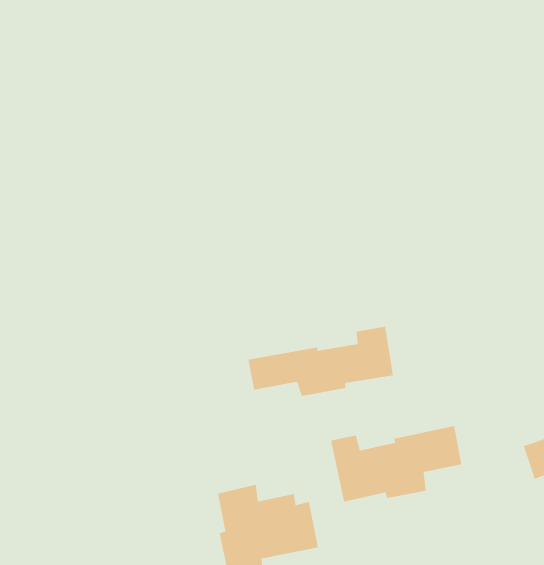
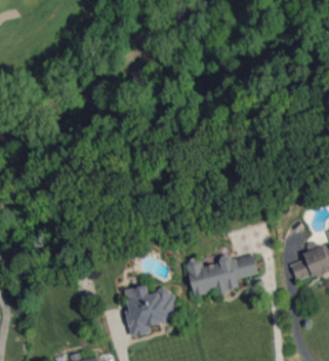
building: [247,326,394,397] -> none

